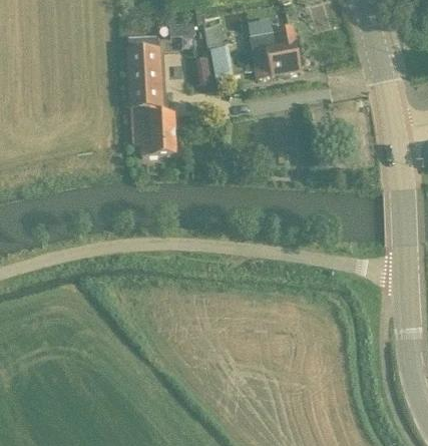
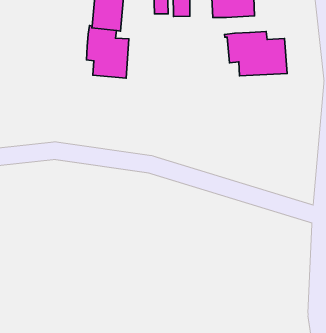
building: none -> [224,32,287,76]

